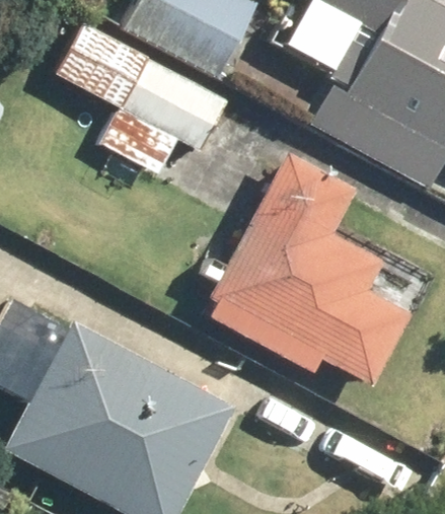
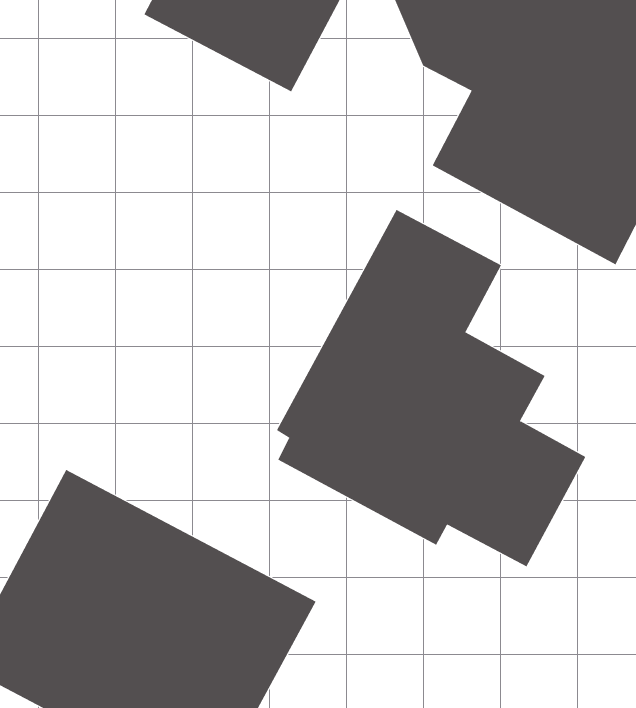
building: [55,22,228,175] -> none

